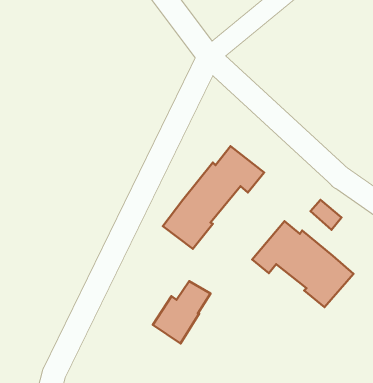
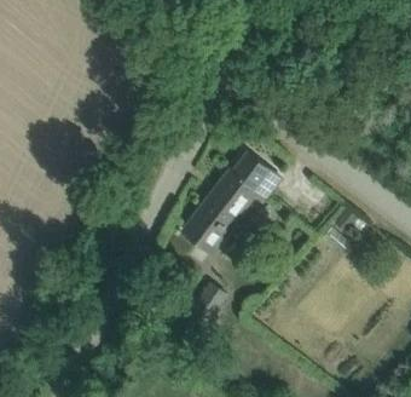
building: [252,221,353,307] -> none

